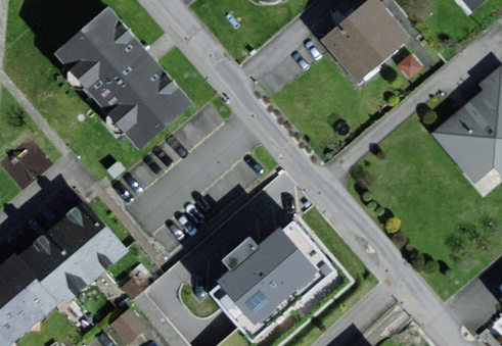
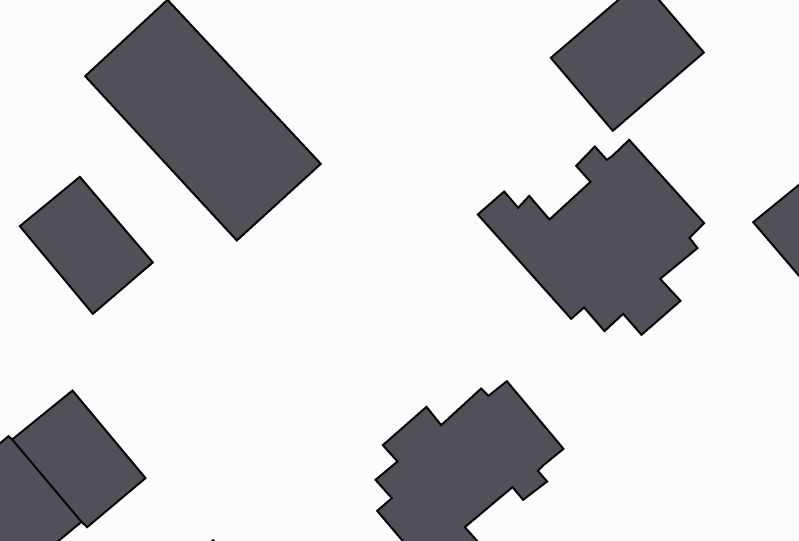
building: none -> [478,140,704,335]
building: [51,202,126,279] -> [20,177,153,314]

